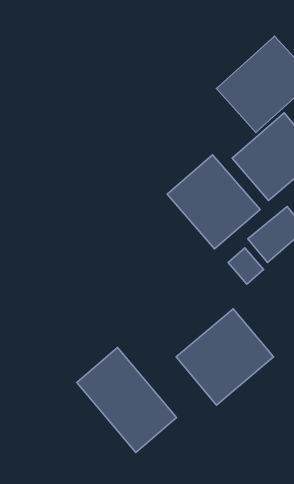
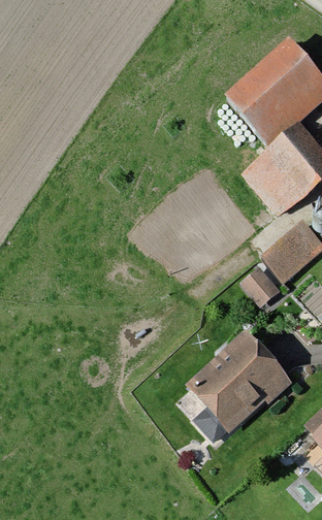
building: [167,155,260,249] -> none
building: [77,348,176,452] -> none

